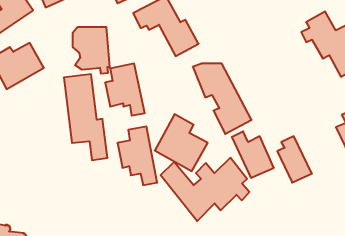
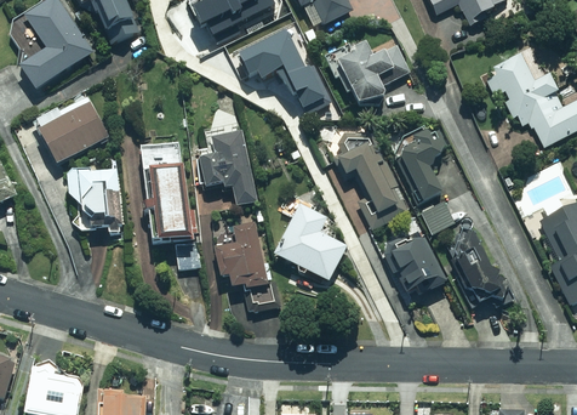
building: none -> [325,44,413,108]
building: [73,27,110,74] -> [68,167,122,235]
building: none -> [396,124,453,203]
building: none -> [421,199,455,234]
building: [161,158,249,221] -> none

